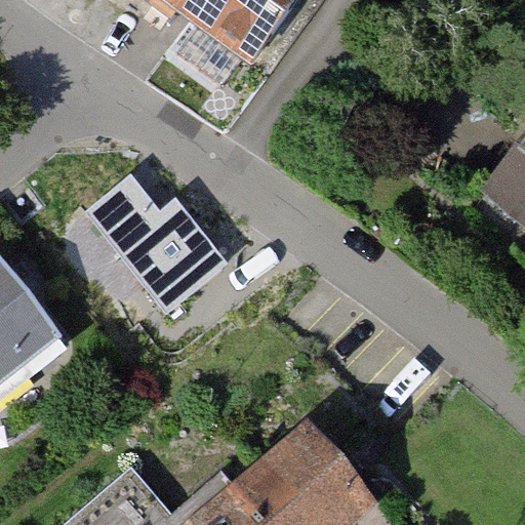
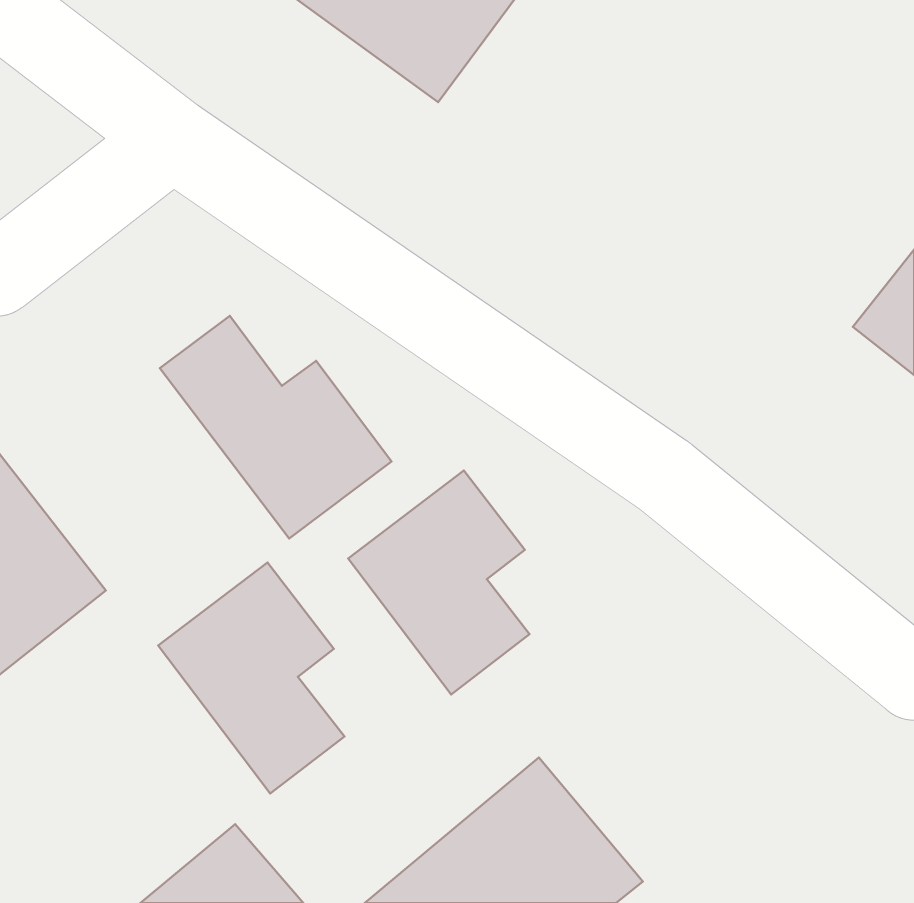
building: none -> [348,471,530,694]
building: none -> [158,562,344,794]

